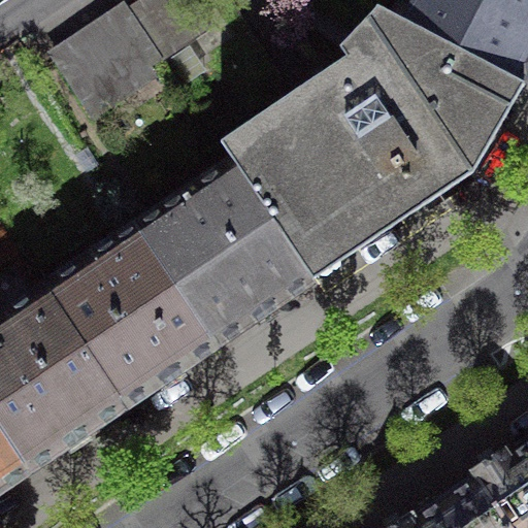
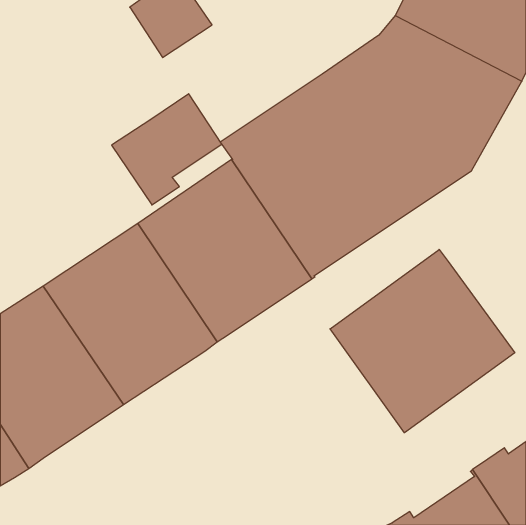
building: [53,7,163,119] -> [112,94,222,205]
building: none -> [330,249,515,433]

